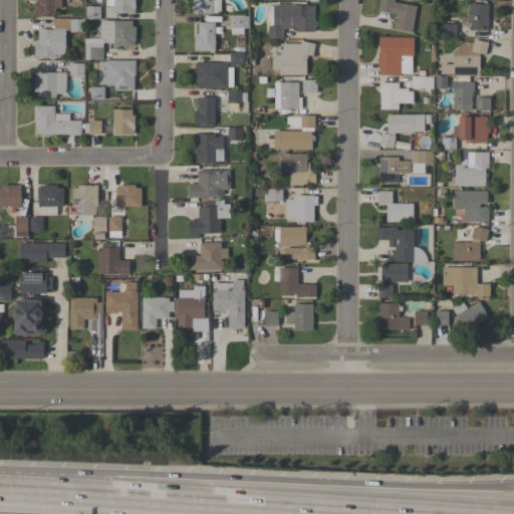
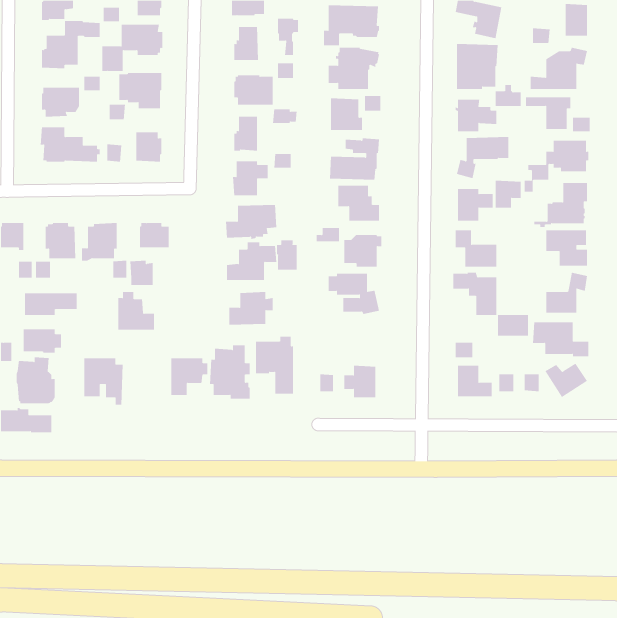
building: none -> [277,239,297,271]
building: [381,263,408,281] -> [497,314,529,336]
building: [279,267,317,297] -> none
building: [106,282,138,330] -> none

